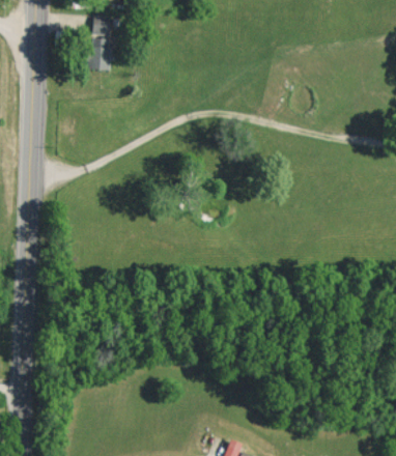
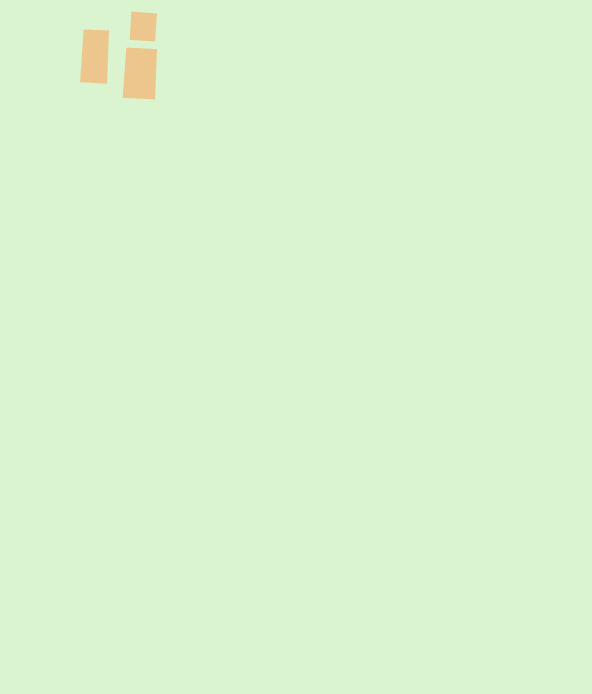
building: none -> [80,29,110,84]

